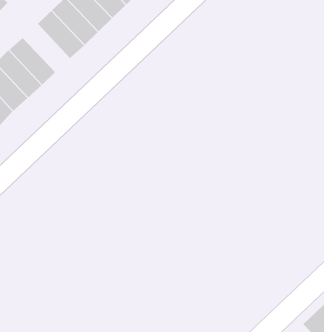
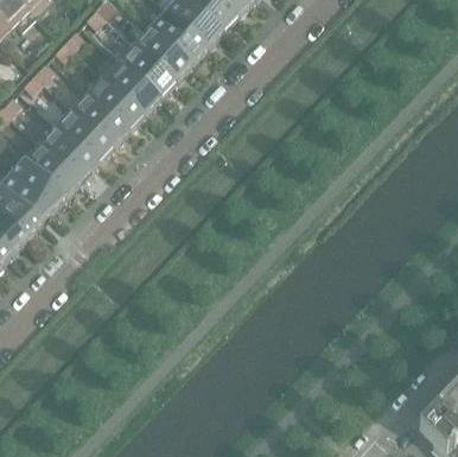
building: none -> [70,90,127,146]

